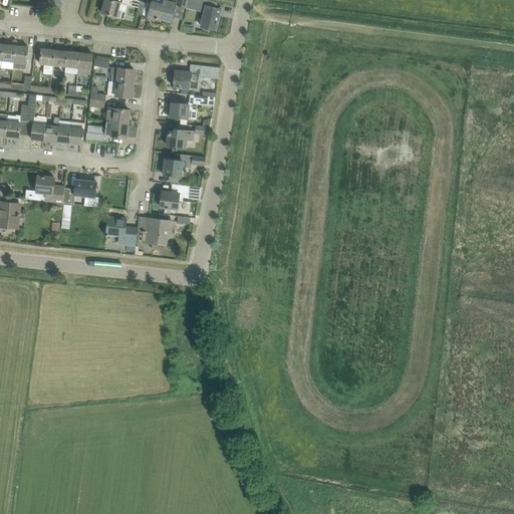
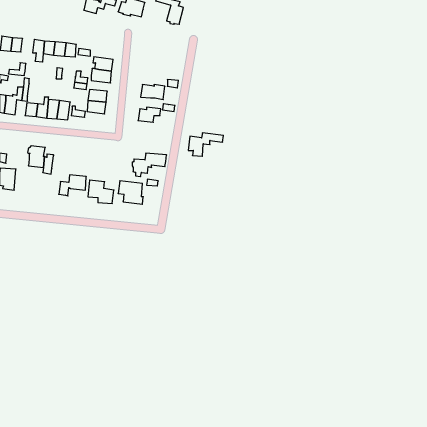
building: [173,64,219,89] -> none
building: [163,154,205,182] -> [188,133,223,156]
building: [62,179,95,204] -> [59,175,86,196]

